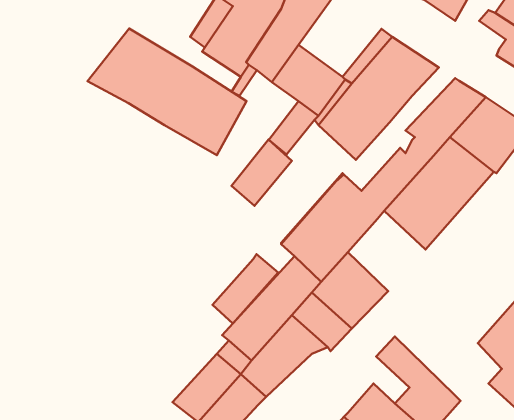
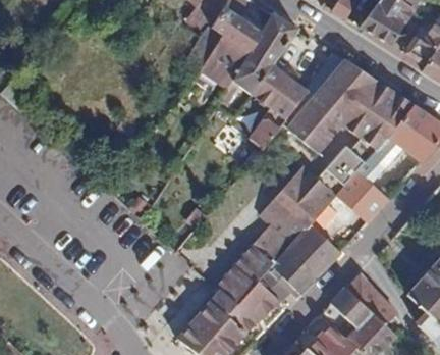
building: [87,28,246,155] -> none
building: none -> [341,83,391,138]
building: [232,139,292,206] -> none
building: [213,254,278,323] -> none
building: none -> [345,272,402,333]

